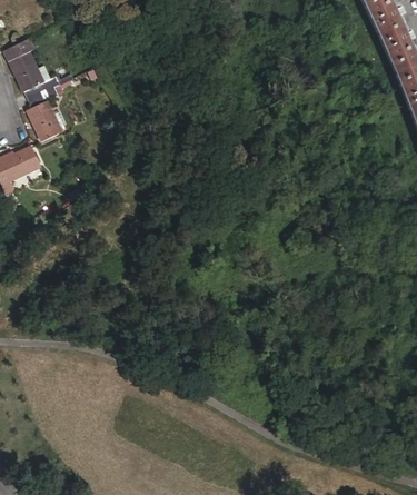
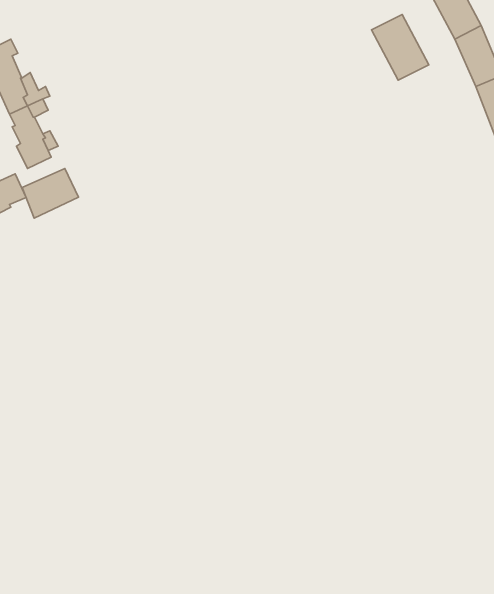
building: none -> [372,14,429,80]
building: none -> [22,168,78,218]

